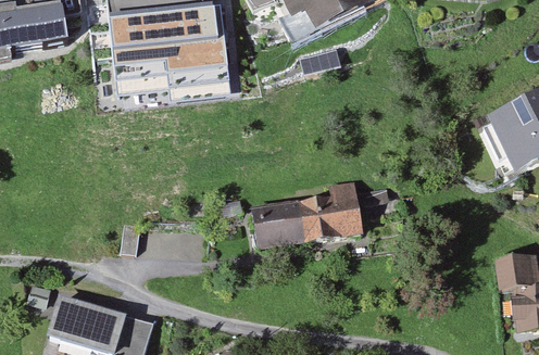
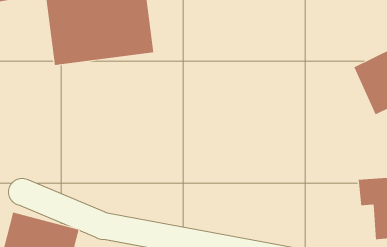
building: [252,201,365,254] -> none

